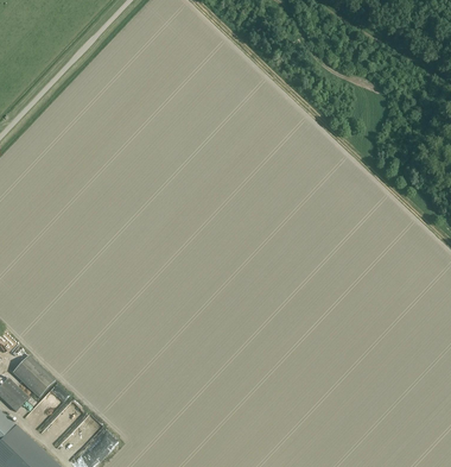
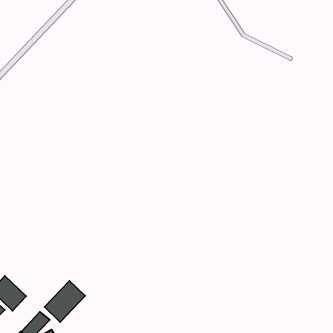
building: none -> [45,281,85,322]

